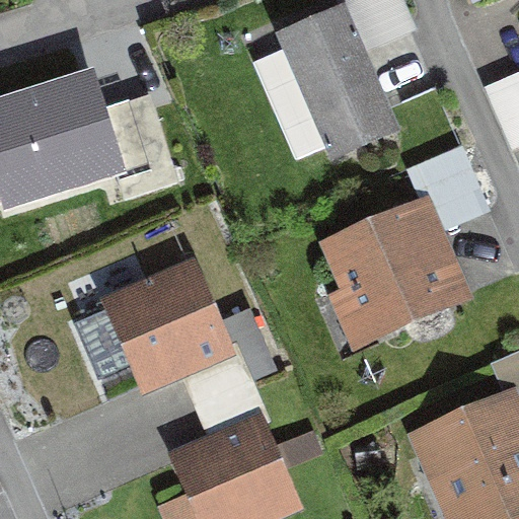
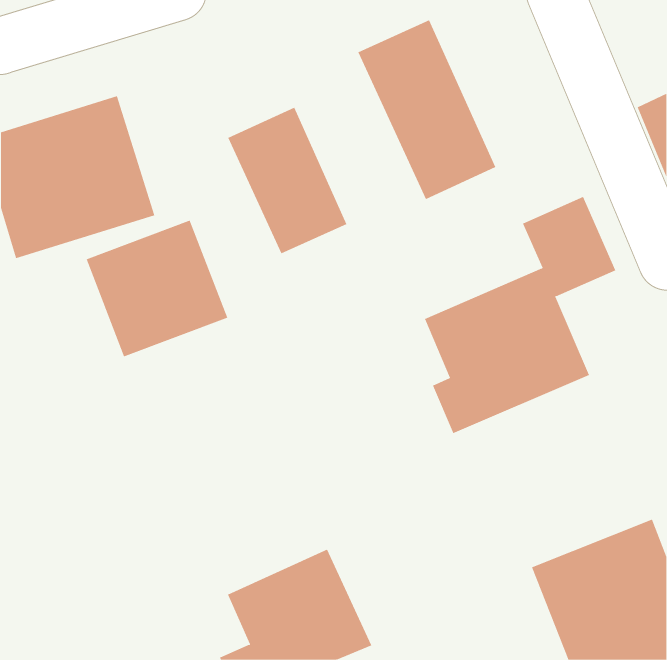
building: none -> [228,107,347,254]
building: [109,271,220,377] -> [86,220,228,357]

